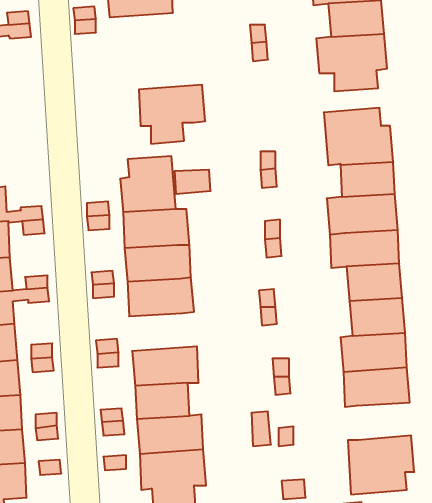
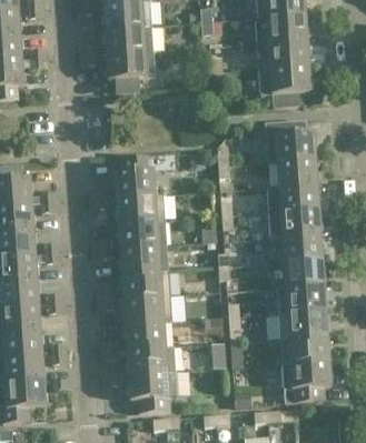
building: [139,85,205,144] -> [106,49,155,92]
building: none -> [120,269,170,298]
building: none -> [279,335,328,363]

